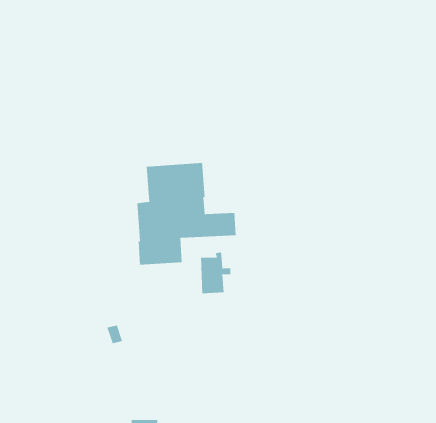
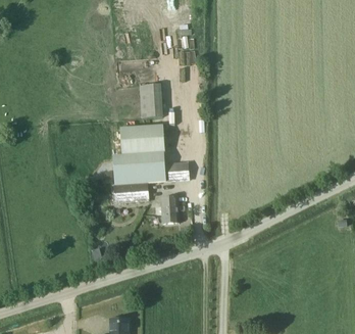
building: none -> [139,83,163,117]

